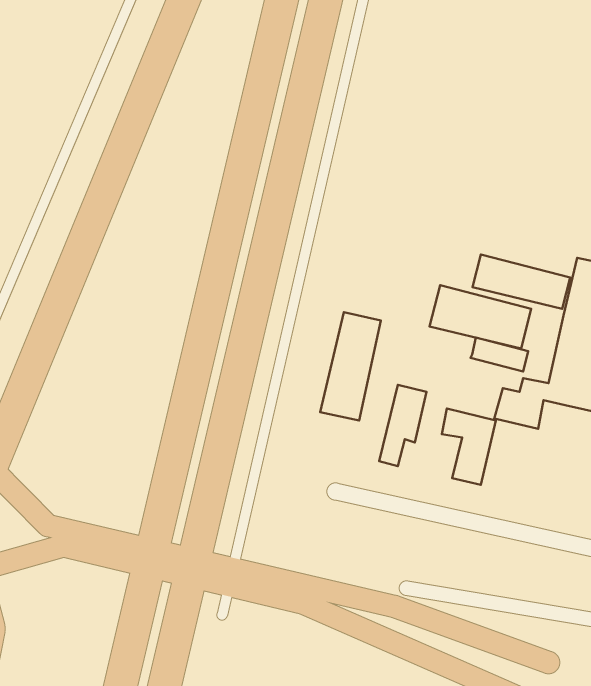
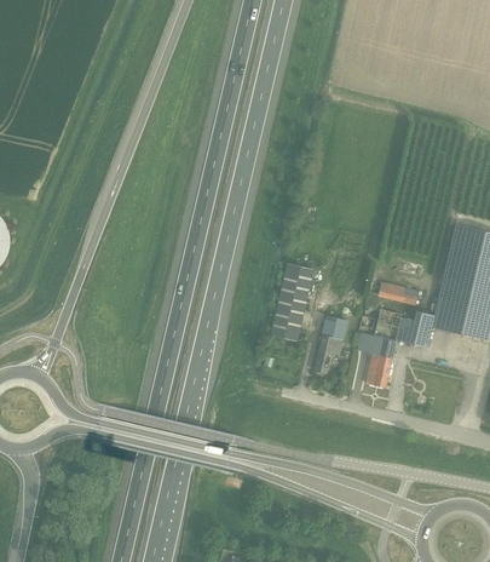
building: [472,254,570,309] -> none
building: [429,285,531,348] -> none

